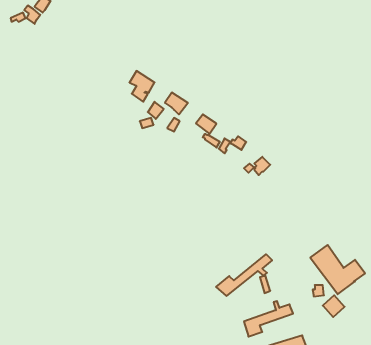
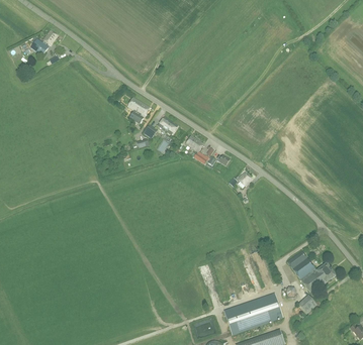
building: [216,254,272,296] -> none

